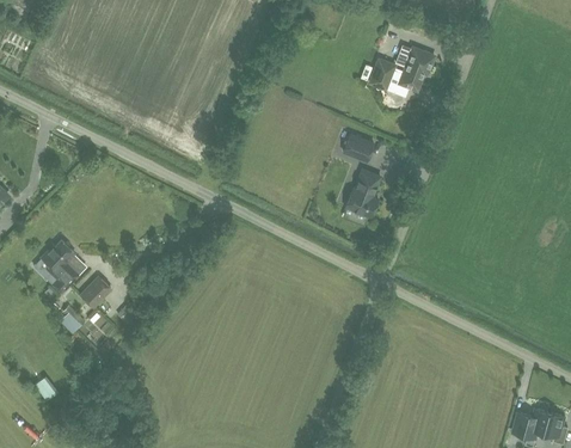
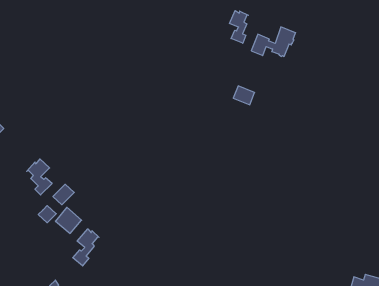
building: none -> [229,11,248,43]
building: [344,170,379,217] -> none
building: none -> [73,229,99,266]

